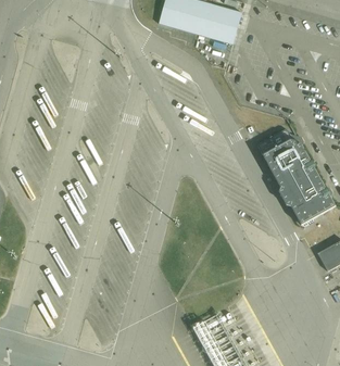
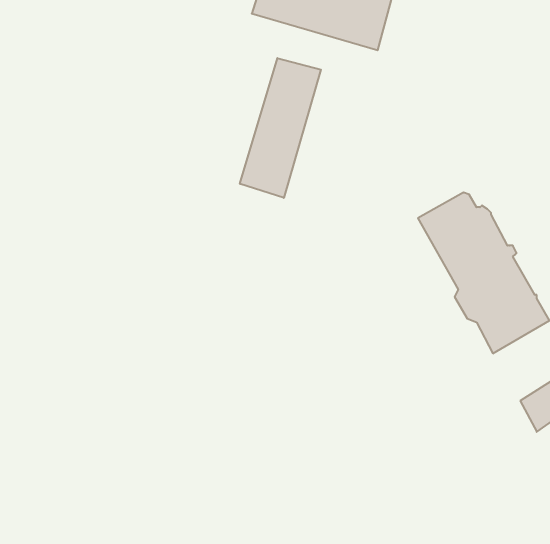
building: none -> [240,58,321,198]

